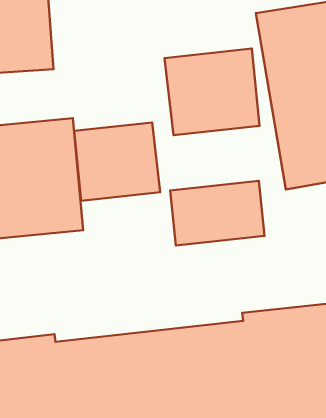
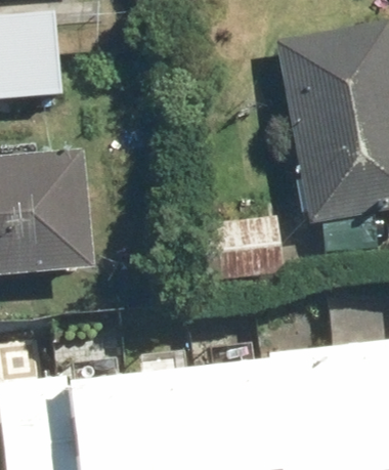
building: [165,49,260,135] -> none
building: [74,122,160,201] -> none

